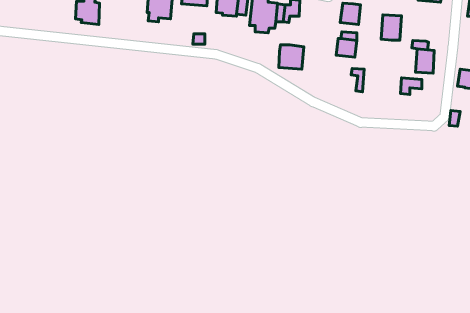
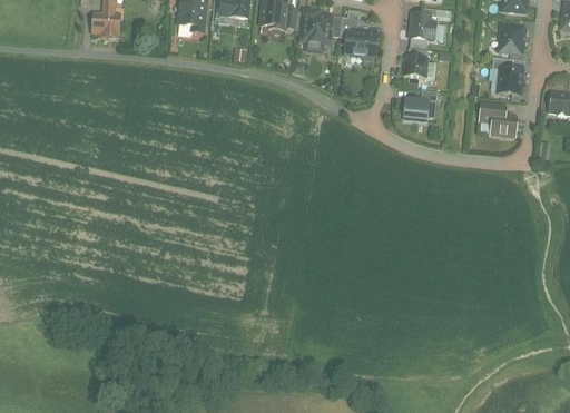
building: [381,15,402,40] -> [499,22,523,52]
building: [279,45,304,69] -> [345,29,375,58]
building: none -> [403,98,429,122]
building: none -> [490,115,517,138]

